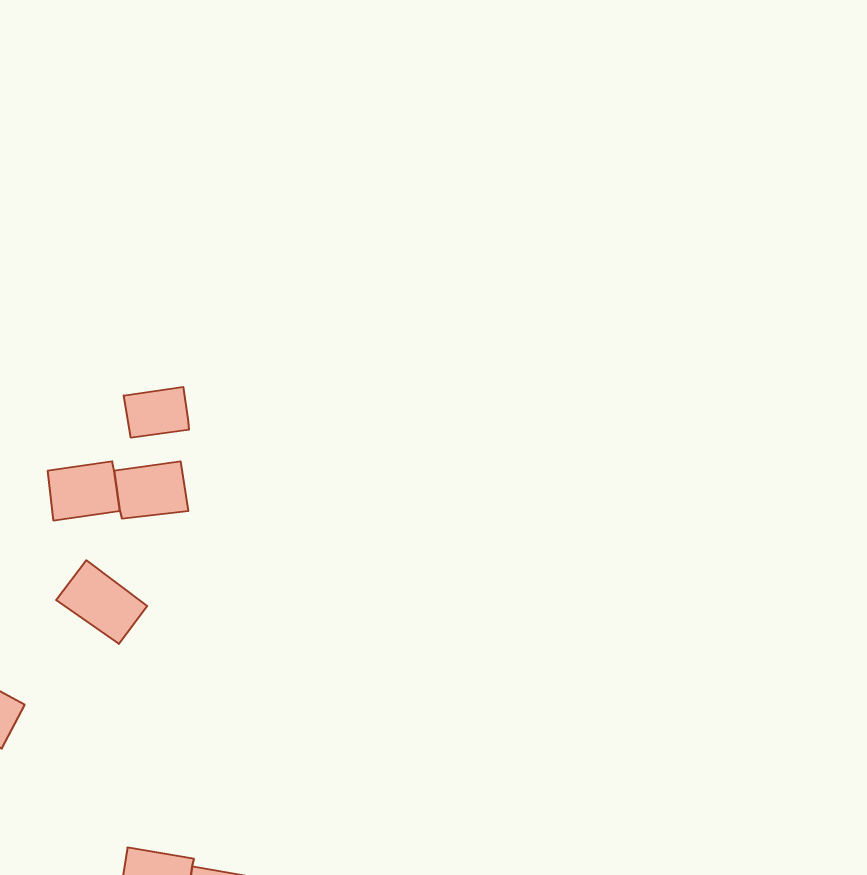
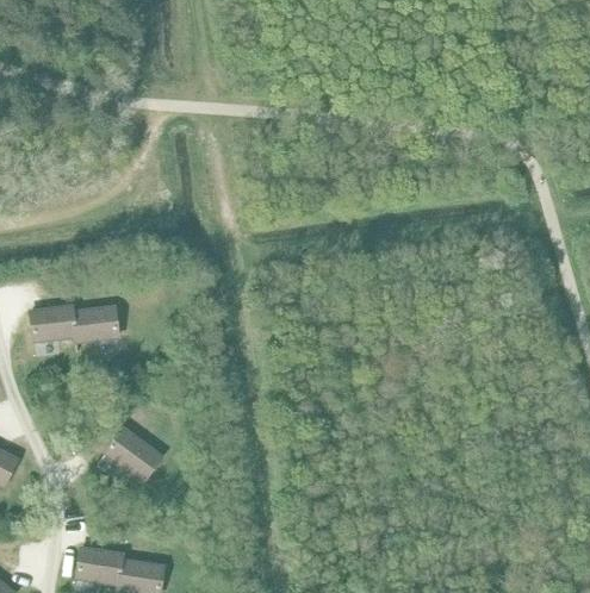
building: [124,387,189,438] -> none
building: [56,560,147,644] -> [105,429,162,481]

